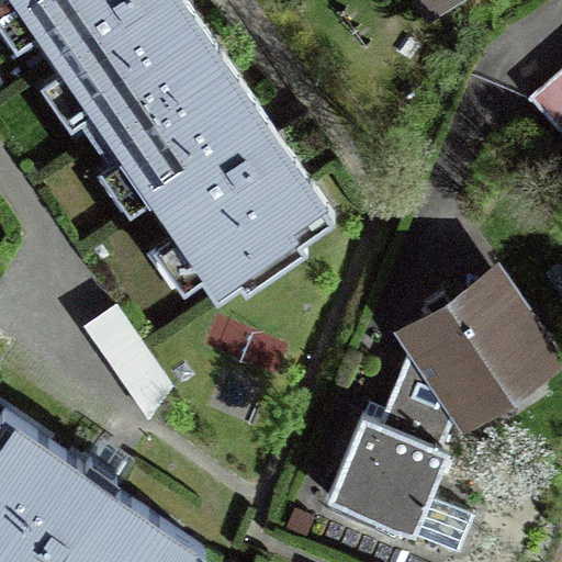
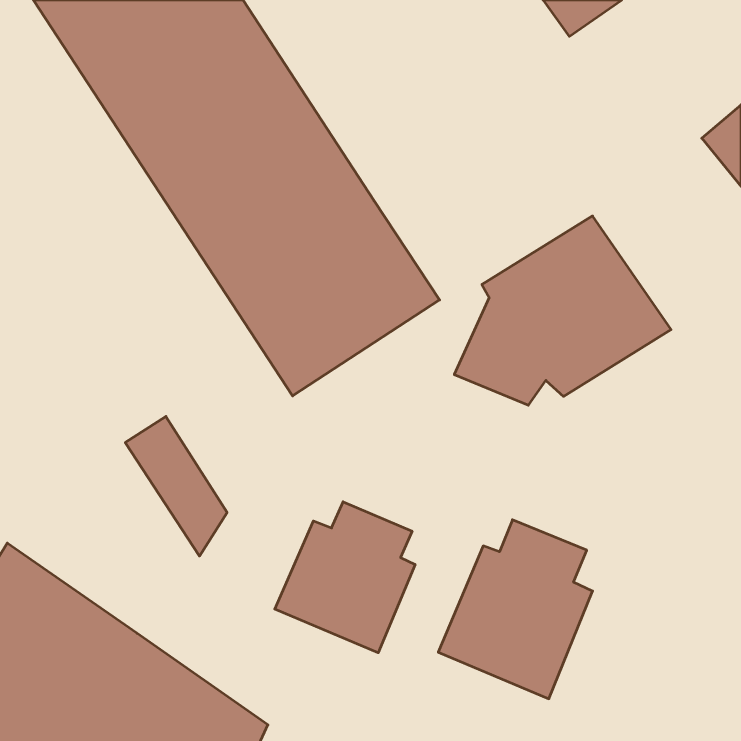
building: [386,274,550,417] -> [454,216,671,405]
building: none -> [275,502,415,653]

